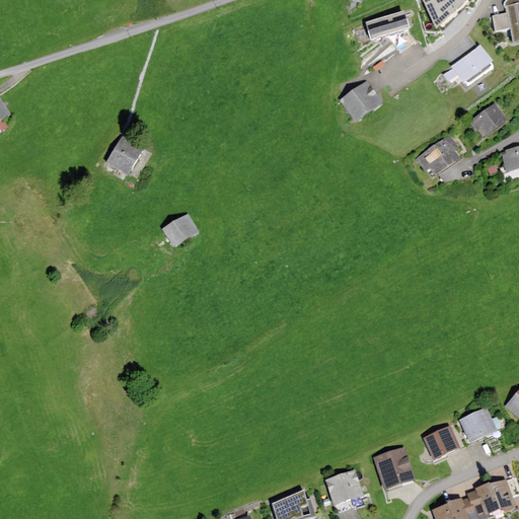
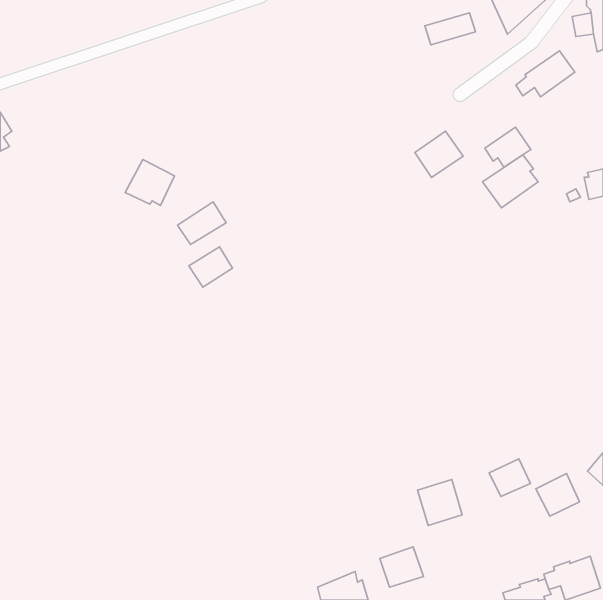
building: [341,80,382,120] -> [415,131,463,177]
building: [468,101,508,136] -> [485,127,531,167]
building: none -> [178,202,226,245]
building: [425,426,460,458] -> [489,459,530,497]
building: [376,447,415,487] -> [417,479,462,525]

